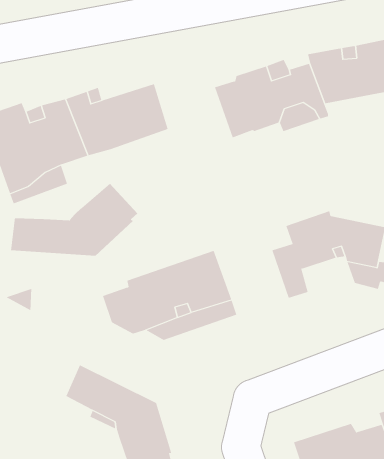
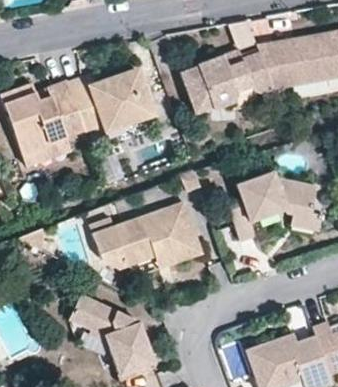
building: [10,183,138,256] -> none

